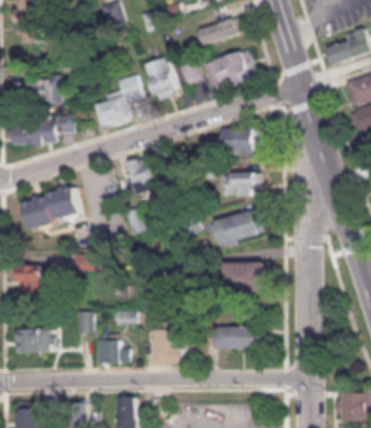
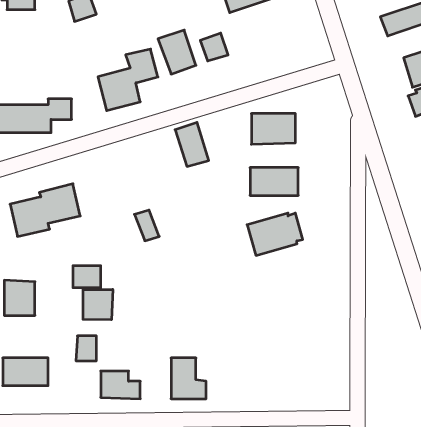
building: [200,51,253,92] -> none
building: [28,75,60,105] -> none
building: [123,157,151,193] -> [175,122,209,166]
building: [220,262,266,291] -> none
building: none -> [83,289,113,320]
building: [217,327,257,348] -> none

